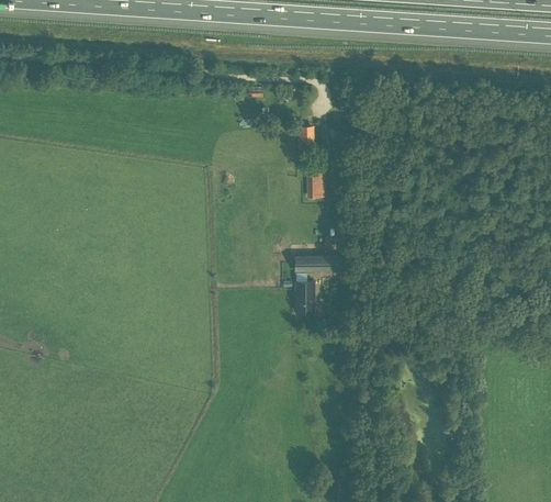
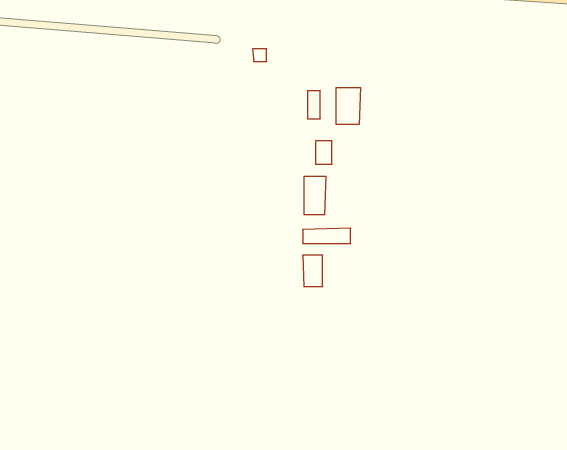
building: none -> [336,88,361,124]
building: none -> [304,176,326,215]

